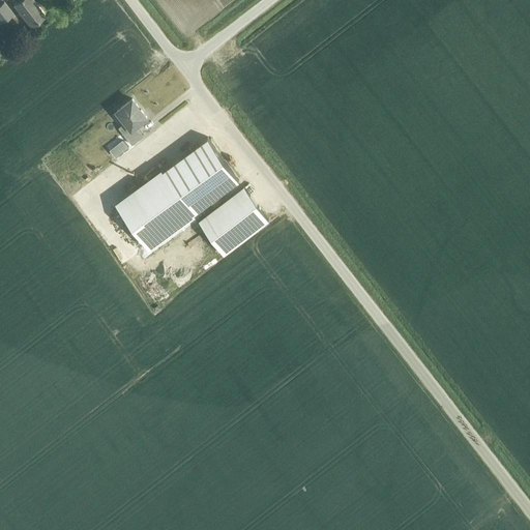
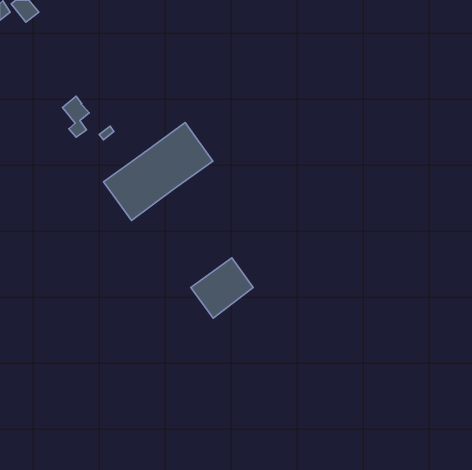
building: [116,102,146,148] -> [62,96,89,137]
building: [198,190,267,258] -> [191,258,253,318]

